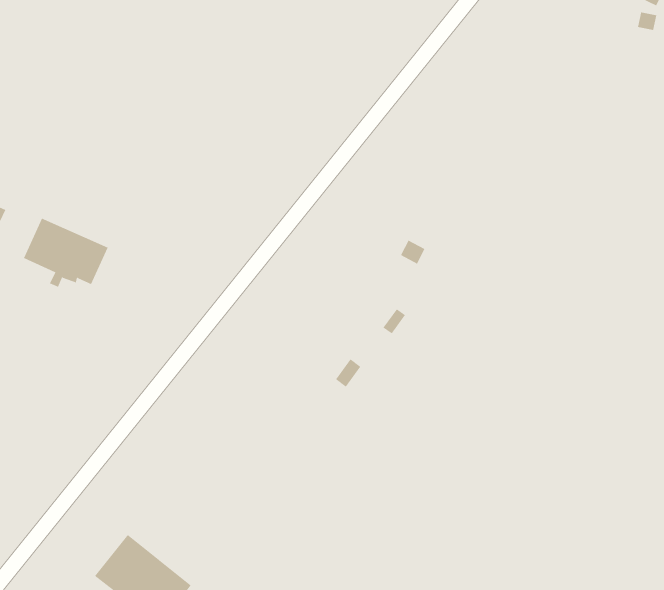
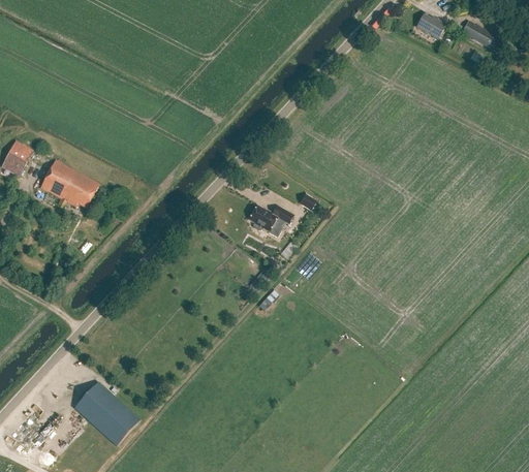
building: none -> [249,204,293,230]

